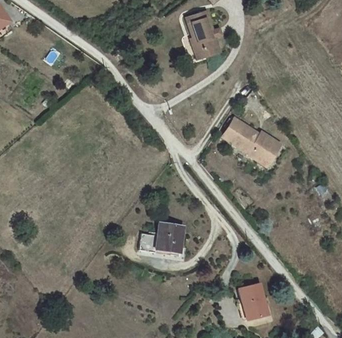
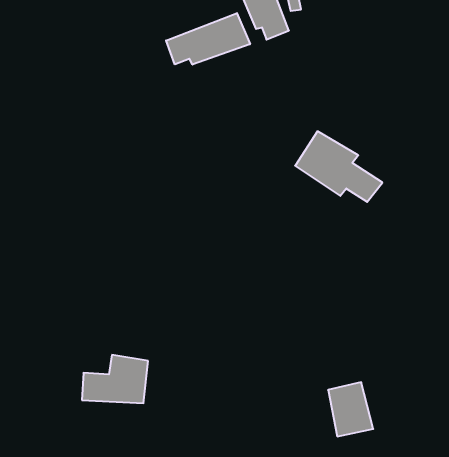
building: none -> [166,13,250,65]
building: [136,222,180,254] -> [82,355,148,403]

